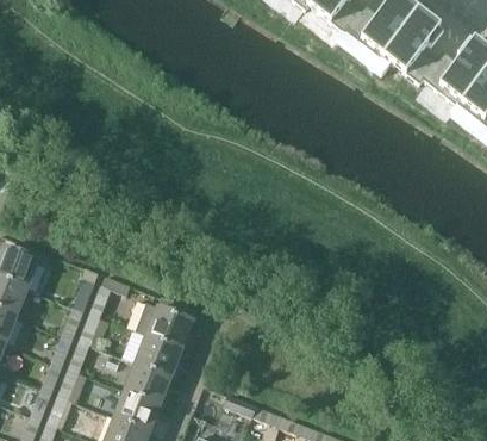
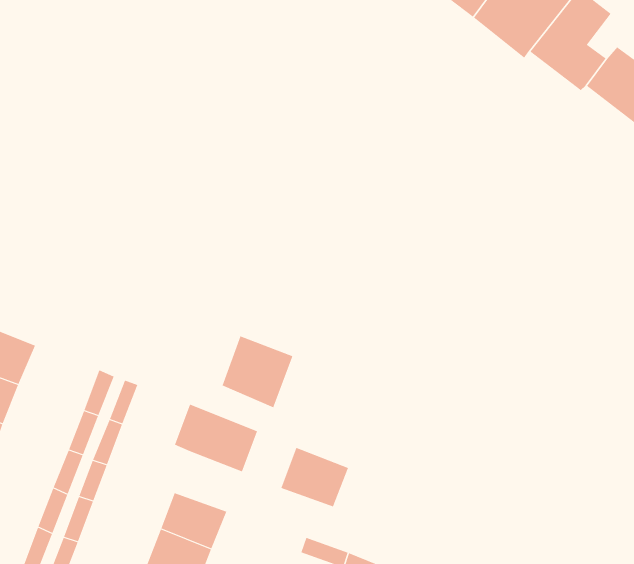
building: none -> [222,335,293,408]
building: [136,334,183,375] -> [280,447,349,507]

